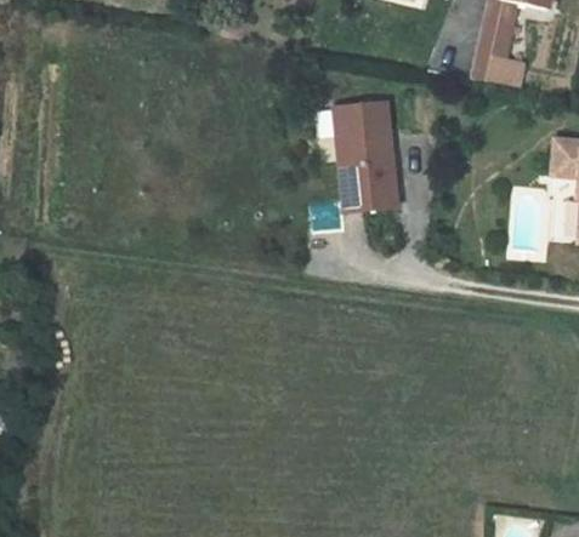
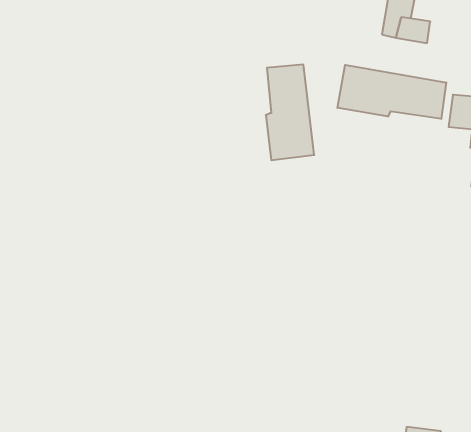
building: none -> [337,65,446,119]

